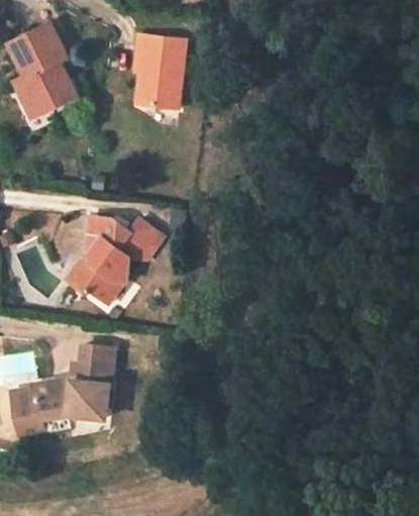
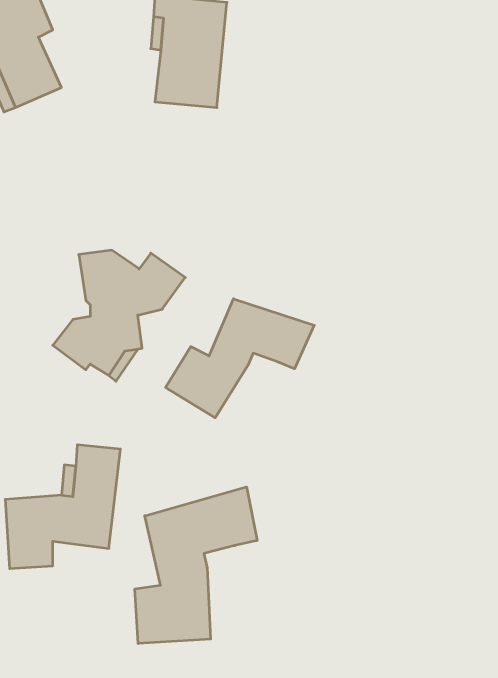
building: none -> [166,299,314,418]
building: none -> [135,487,257,644]

